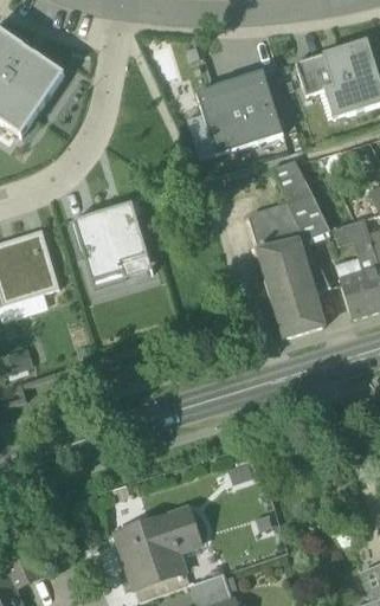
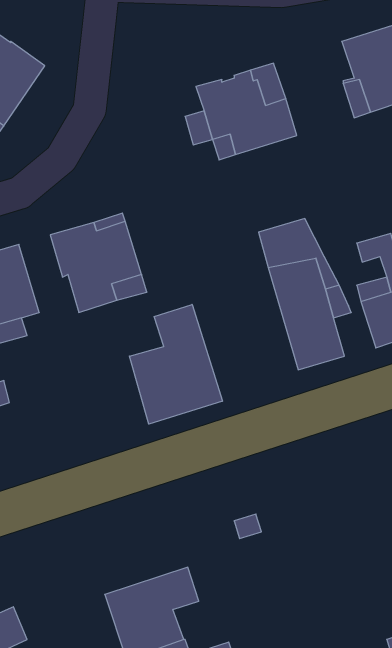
building: [295,51,333,94] -> none
building: [271,161,328,238] -> none
building: none -> [129,304,222,424]

